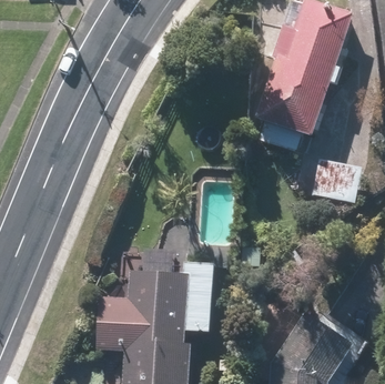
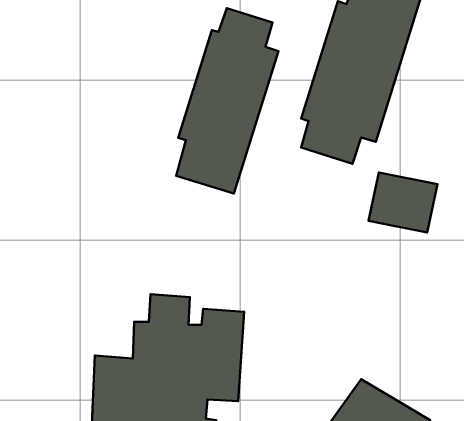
building: none -> [176,8,278,194]

